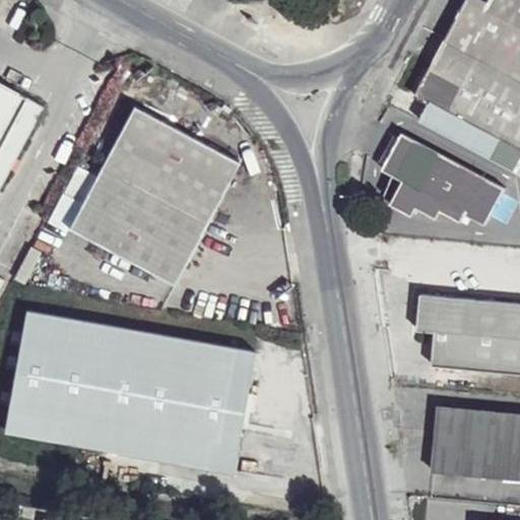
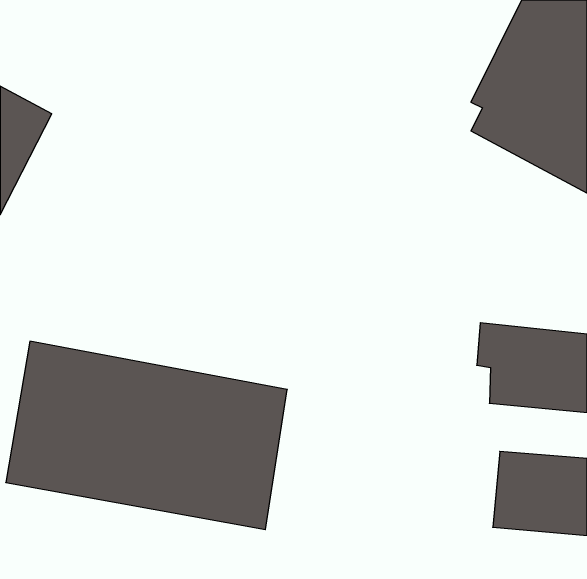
building: [46,108,244,285] -> none
building: [383,131,505,230] -> none

